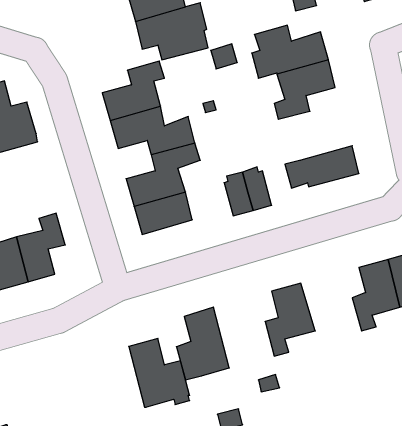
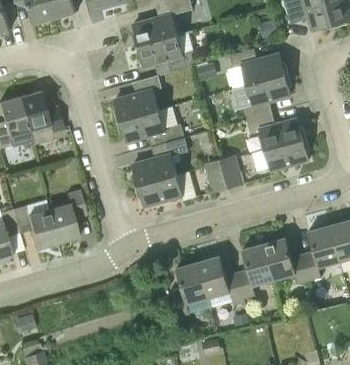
building: none -> [247,114,303,151]
building: none -> [264,238,310,284]
building: [129,338,190,407] -> [198,256,244,308]

